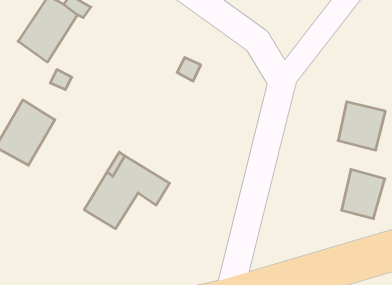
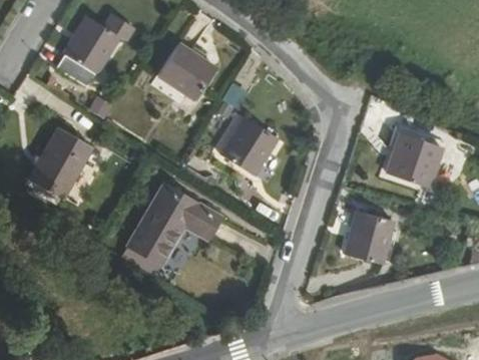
building: none -> [158,46,213,101]
building: none -> [219,120,276,177]
building: [341,169,385,219] -> [347,207,393,259]

